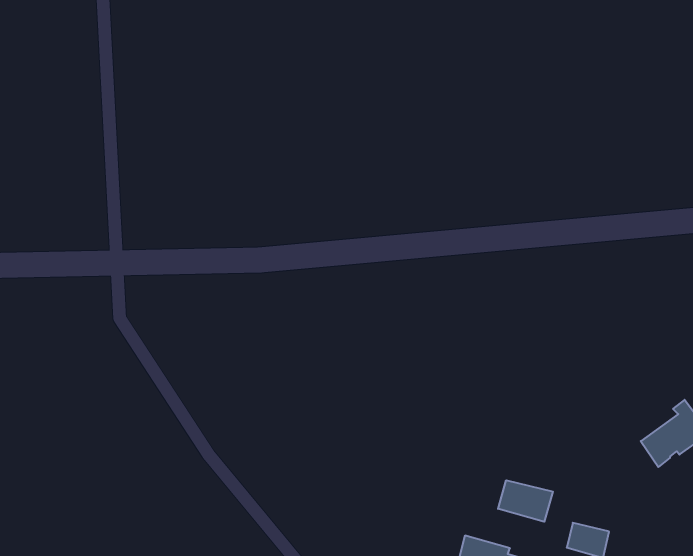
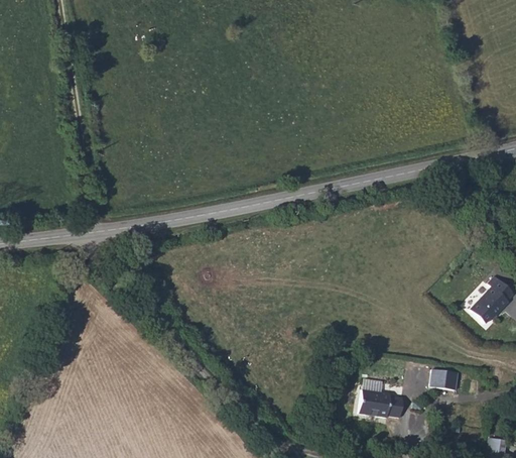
building: [498,480,553,522] -> none

